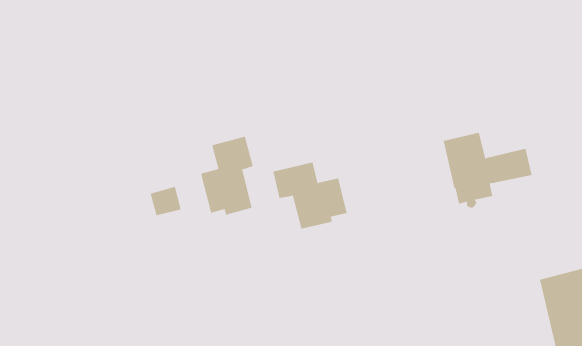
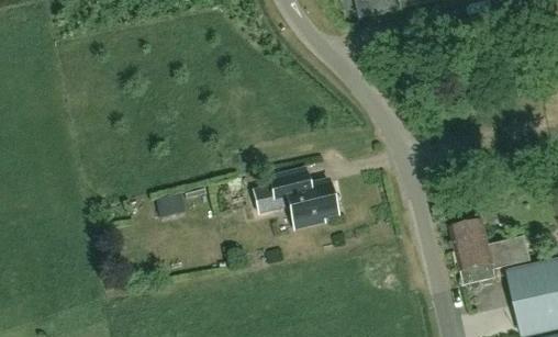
building: [443,132,532,208] -> [450,222,531,290]
building: [200,136,254,215] -> none

